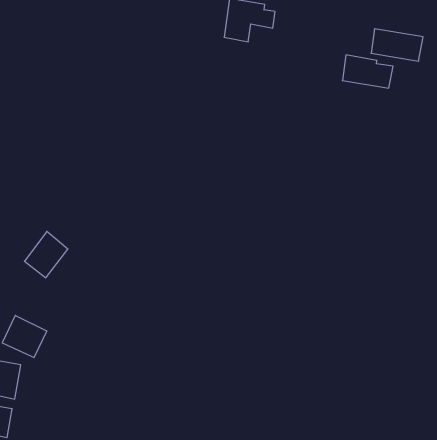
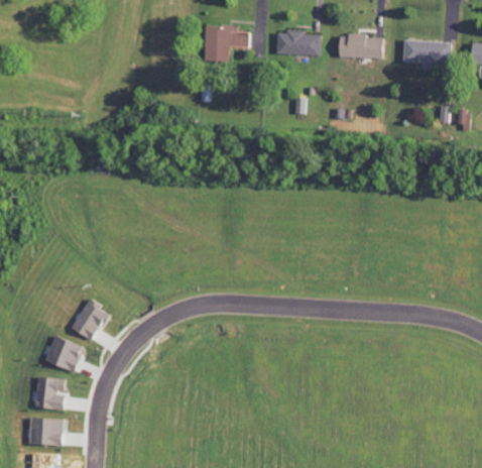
building: [342,55,393,88] -> [276,31,320,55]
building: [24,231,68,278] -> [73,300,110,341]

